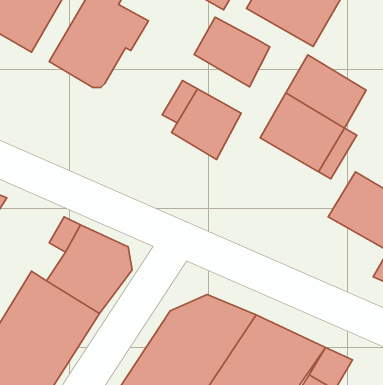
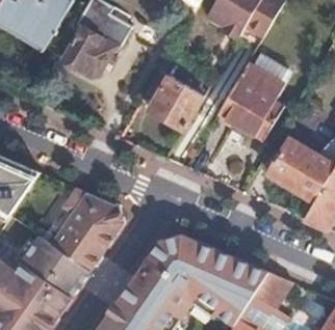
building: [194,17,270,87] -> none

